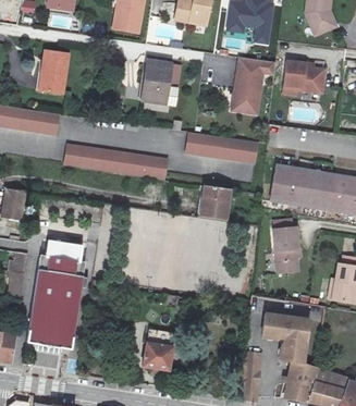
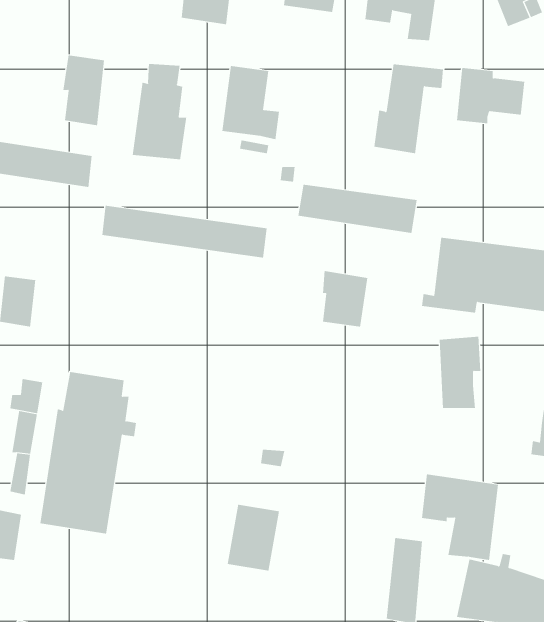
building: none -> [132,63,187,160]

